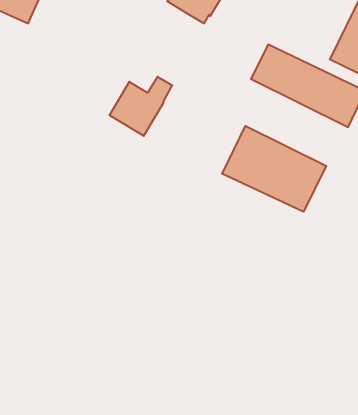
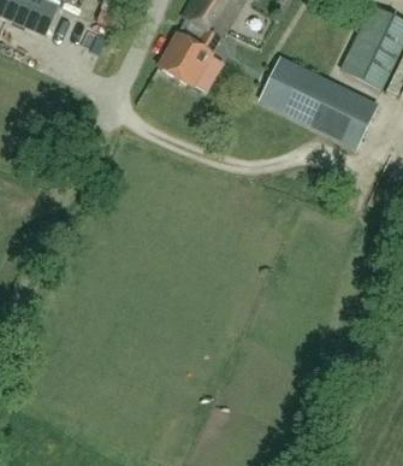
building: [109,77,172,136] -> [156,28,218,85]
building: [222,126,326,212] -> none

